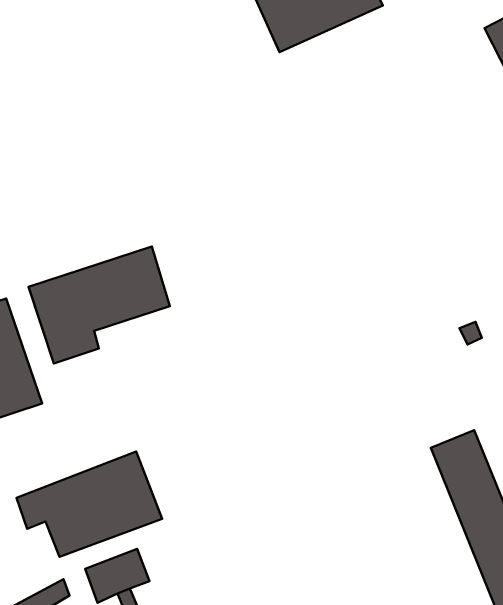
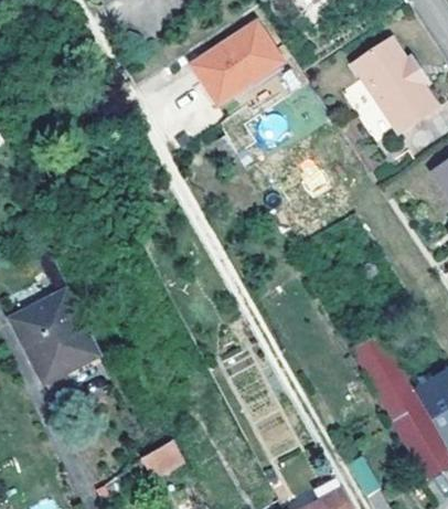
building: [29,247,170,364] -> none
building: [16,452,162,557] -> none

